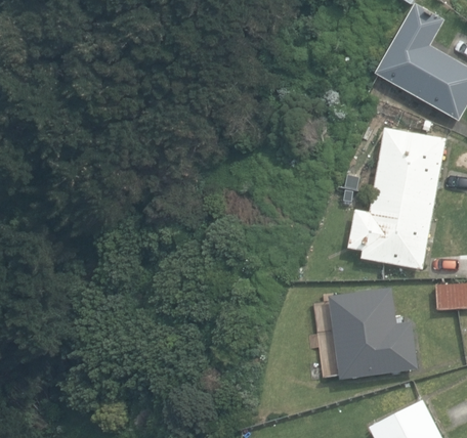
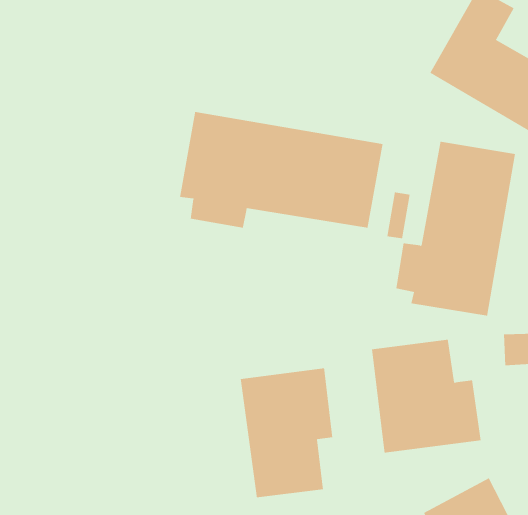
building: none -> [179,111,383,229]
building: none -> [240,367,333,498]

